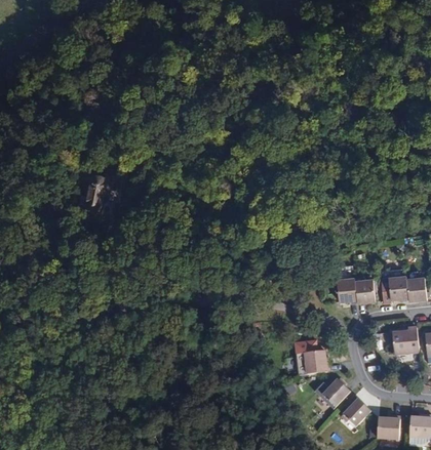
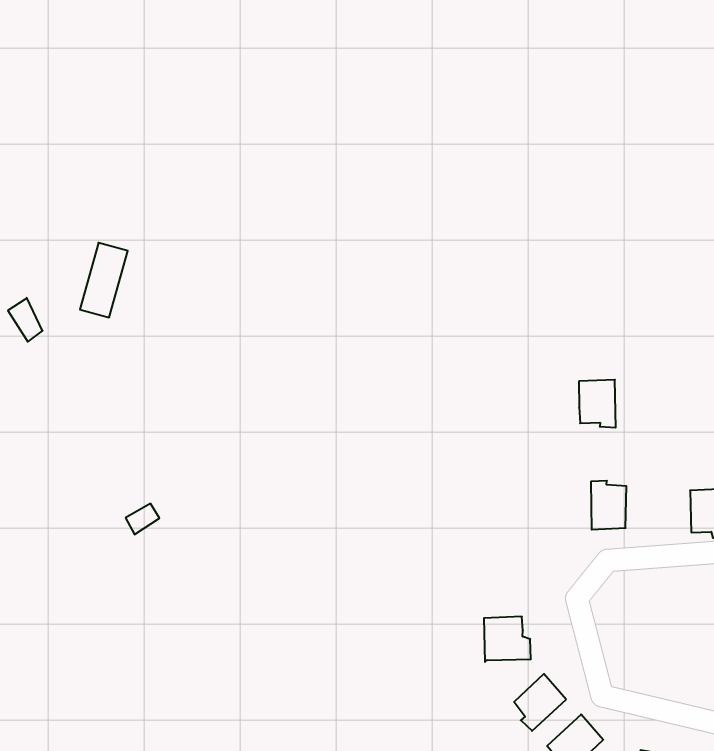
building: [388,276,407,300] -> none
building: [336,278,356,302] -> [579,380,616,428]
building: [392,327,418,354] -> none

